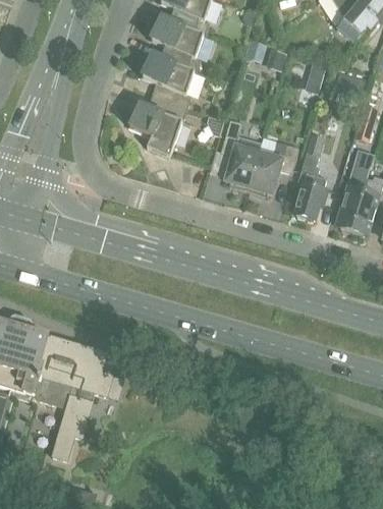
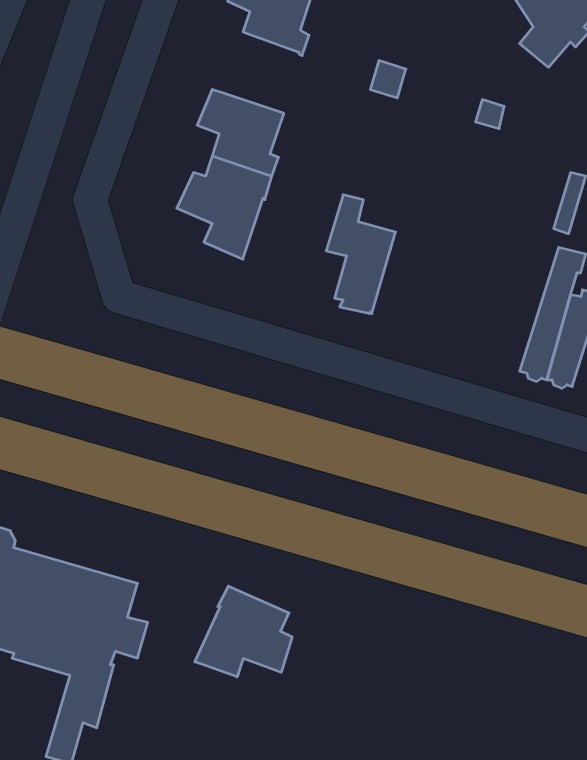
building: [151,17,203,70] -> none
building: [292,132,327,217] -> none
building: [247,134,297,195] -> none
building: none -> [195,586,292,677]

